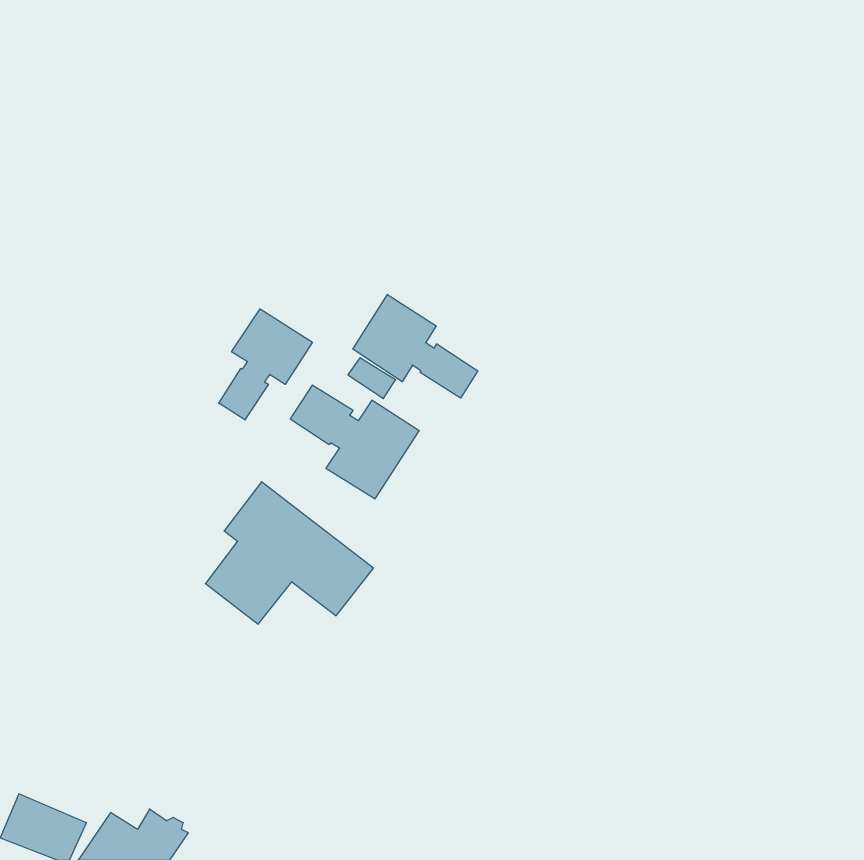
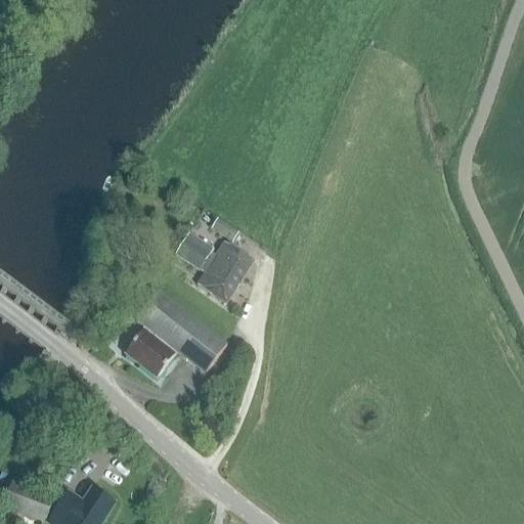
building: [353,294,478,398] -> none
building: [219,309,312,420] -> none

